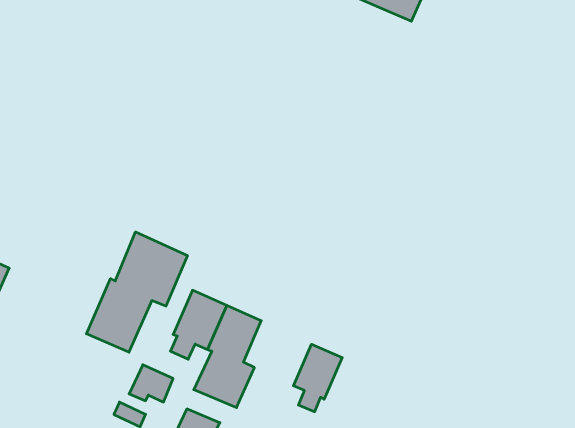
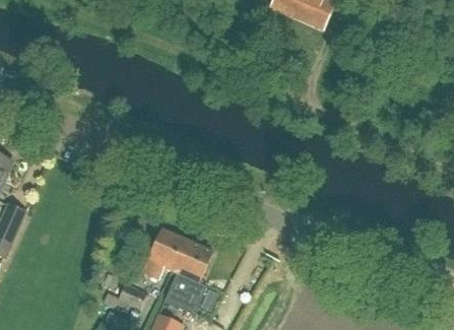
building: [86,232,187,352] -> none
building: [293,344,342,412] -> none

